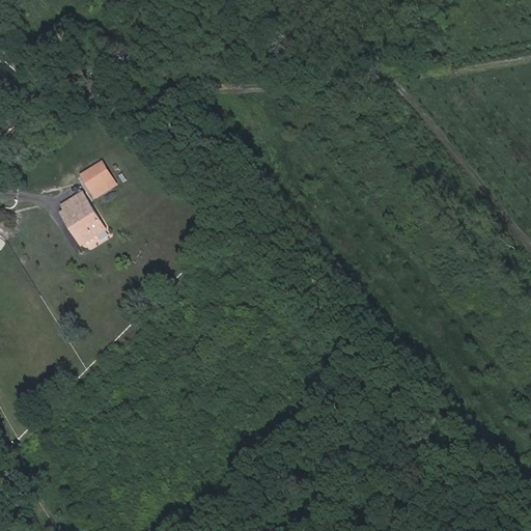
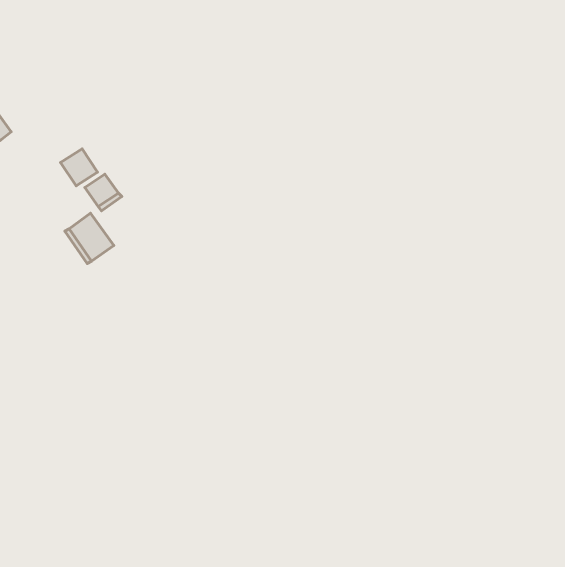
building: none -> [61,149,98,186]

